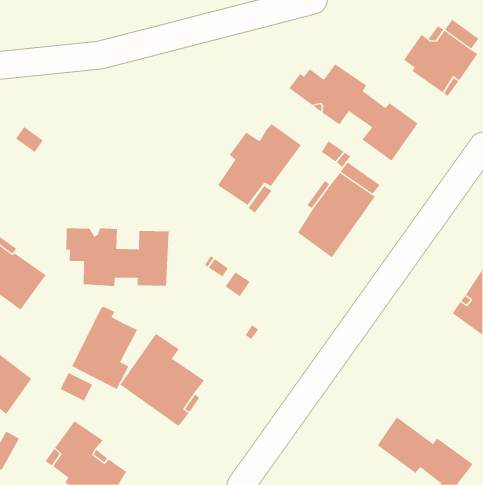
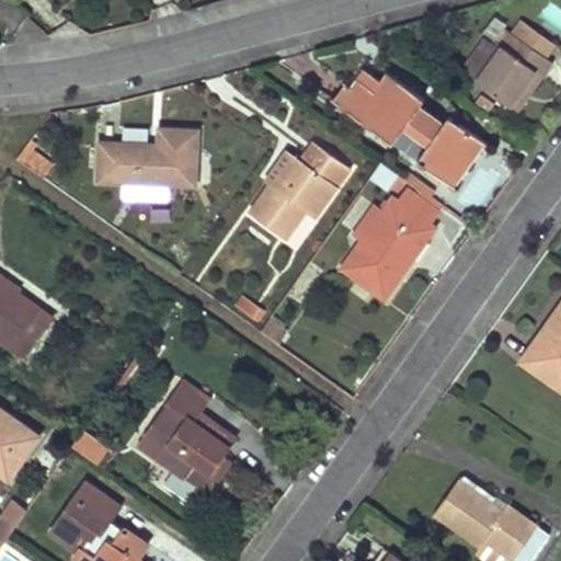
building: none -> [99,129,198,199]
building: [66,227,169,287] -> none
building: [71,306,138,390] -> none

